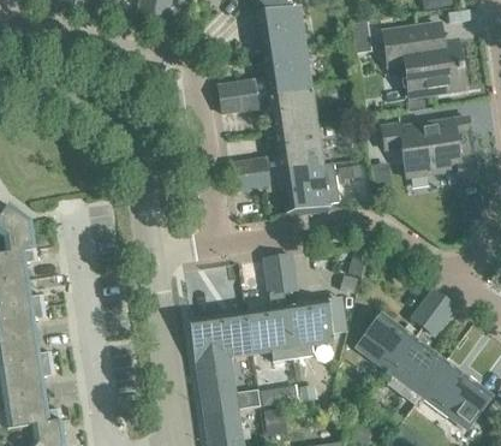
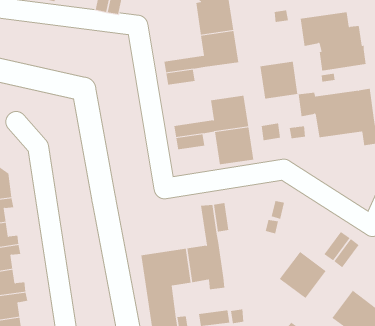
building: [269,85,316,131] -> [260,61,298,99]
building: [286,298,332,346] -> none
building: [390,338,447,394] -> none

